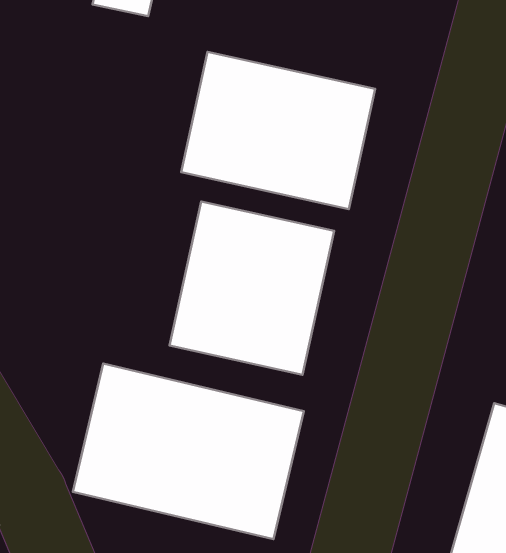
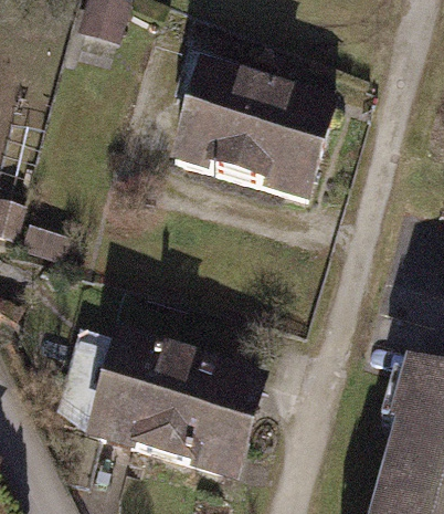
building: [169,201,334,375] -> none

